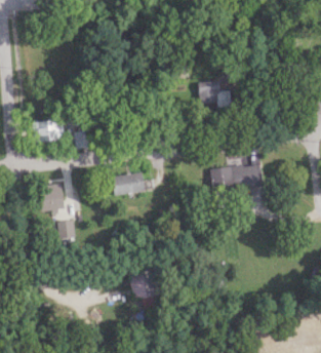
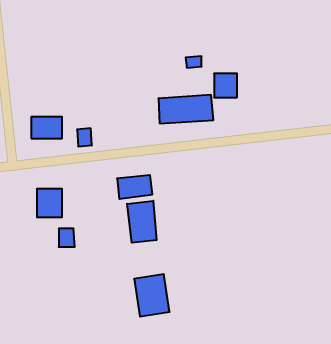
building: [212,164,262,190] -> [158,95,213,123]
building: none -> [127,201,156,243]

